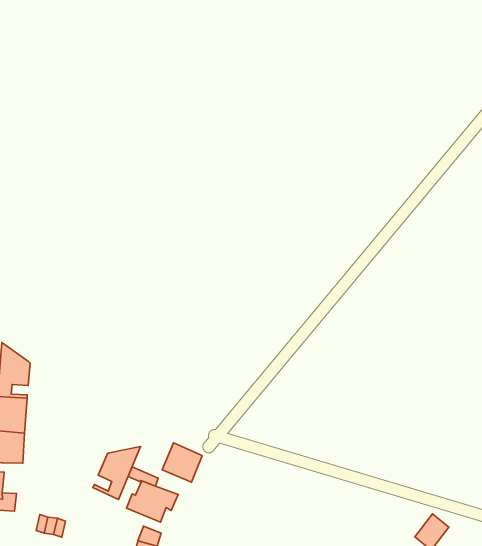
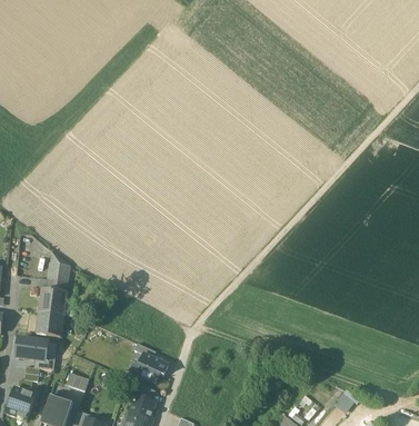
building: [162,443,202,482] -> none
building: [93,446,140,499] -> none

